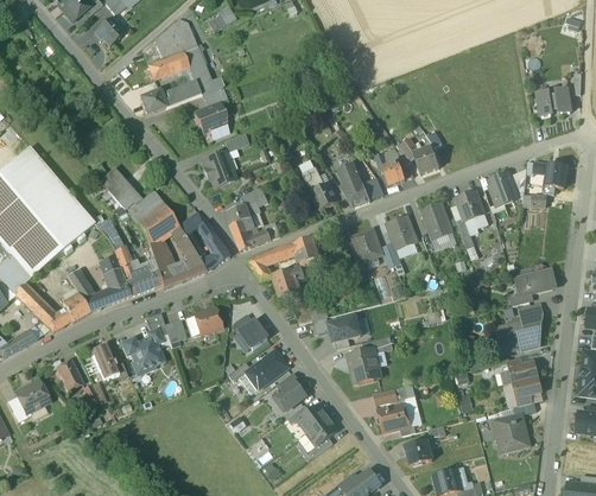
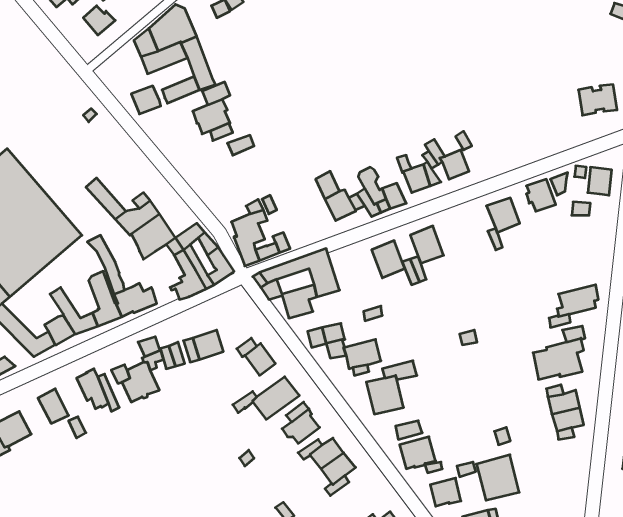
building: [203,152,235,187] -> none
building: [421,202,452,239] -> none
building: [148,237,182,287] -> none
building: [493,412,531,452] -> [476,455,519,500]

